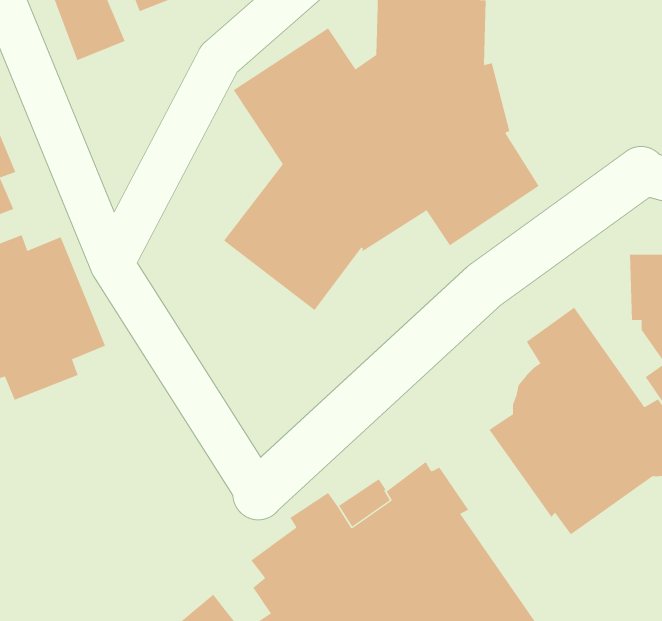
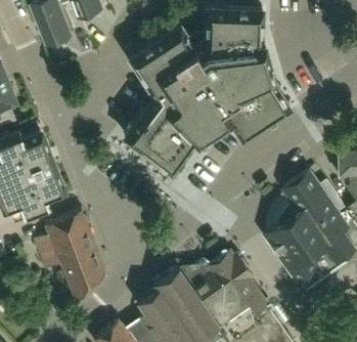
building: none -> [33,210,104,300]

